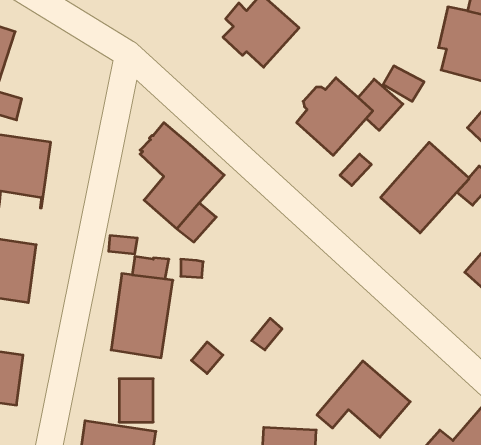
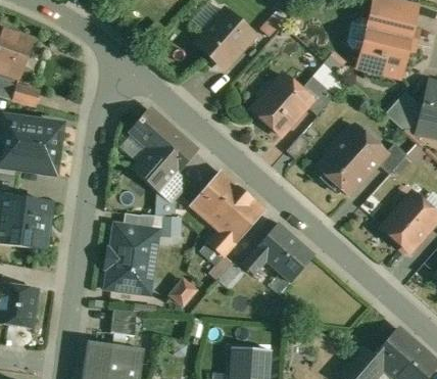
building: none -> [191,173,263,264]
building: [317,361,410,437] -> [242,224,314,283]

